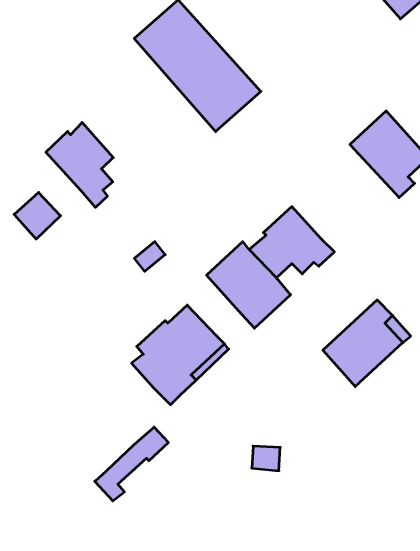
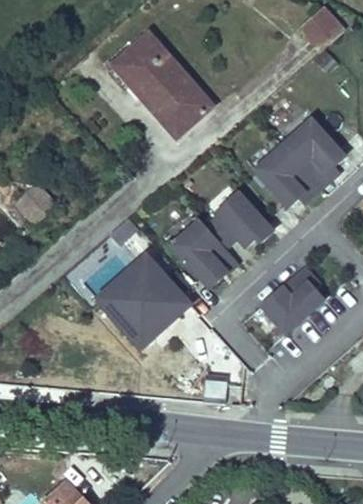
building: [46,122,113,207] -> none
building: none -> [254,146,320,207]
building: [95,427,168,501] -> [99,258,156,315]

